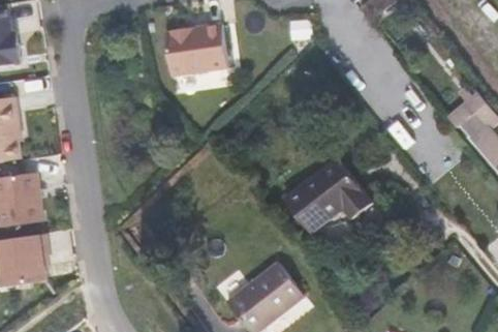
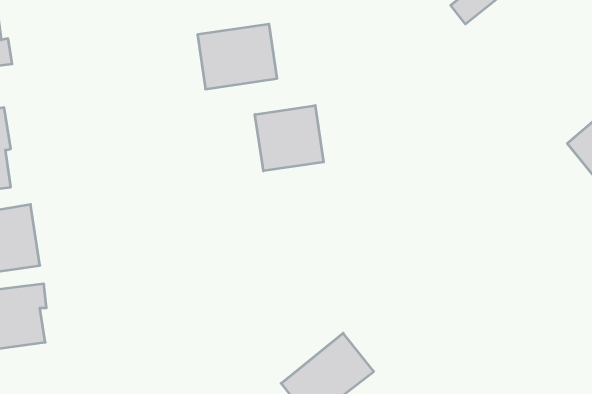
building: none -> [255,105,324,171]
building: [286,162,371,235] -> none

